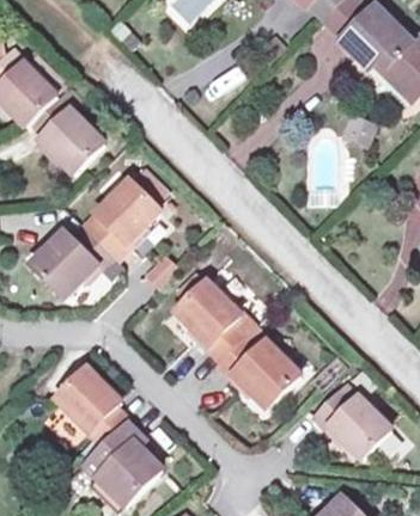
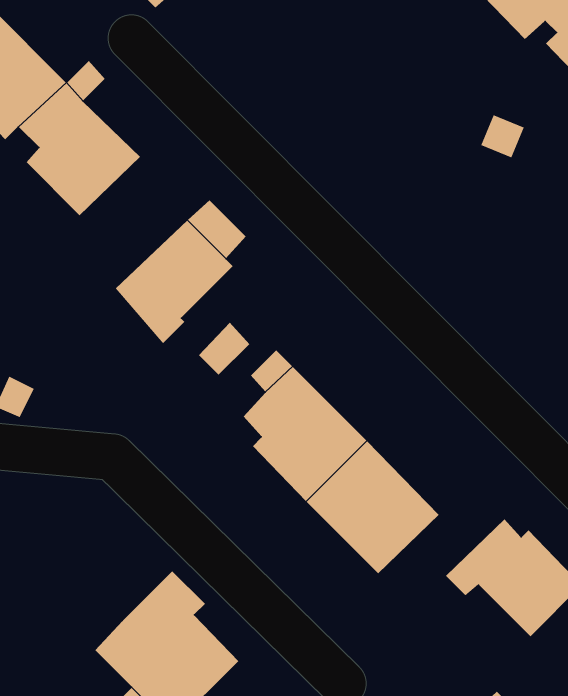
building: [36,228,126,297] -> none
building: [60,367,132,444] -> none

